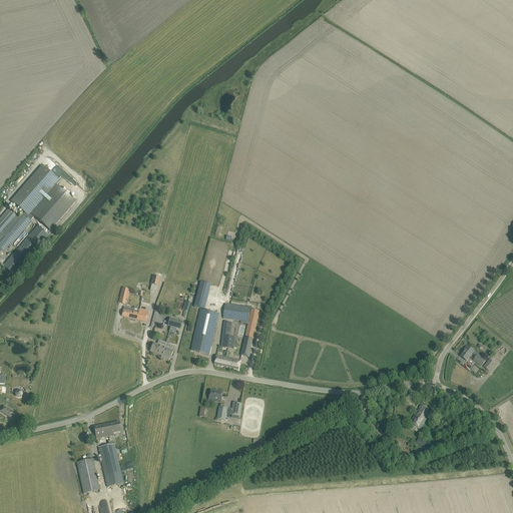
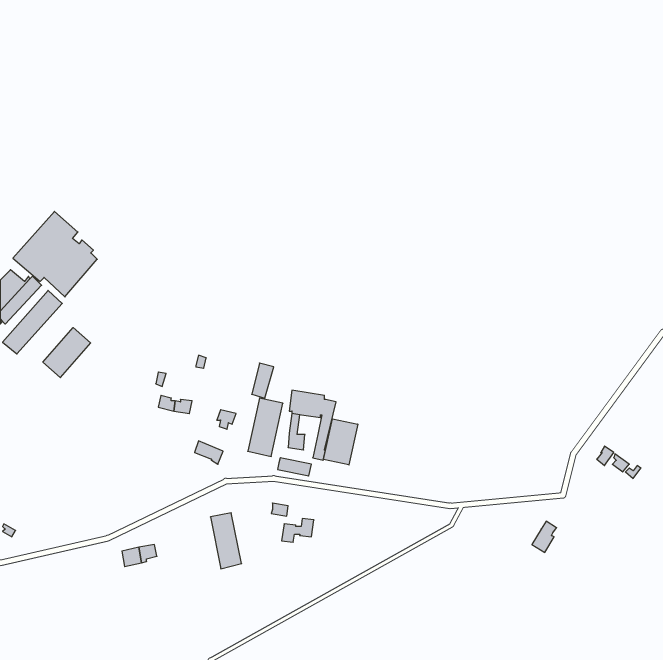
building: none -> [43,328,91,378]
building: none -> [324,419,358,465]
building: [98,443,122,486] -> [210,513,242,569]
building: [76,457,100,492] -> none

